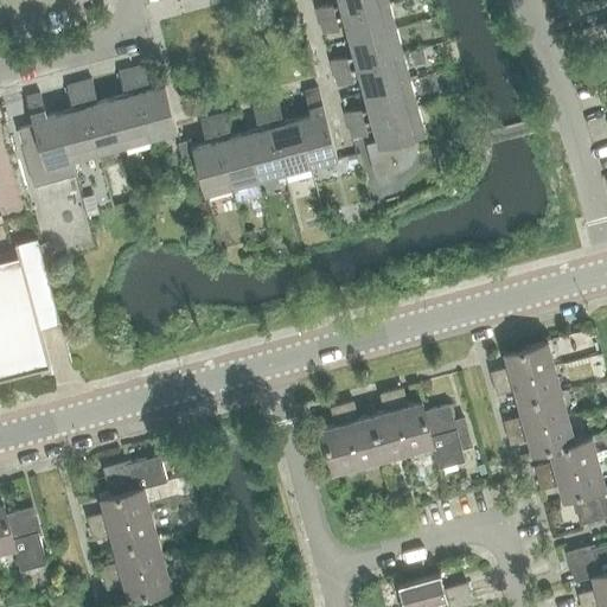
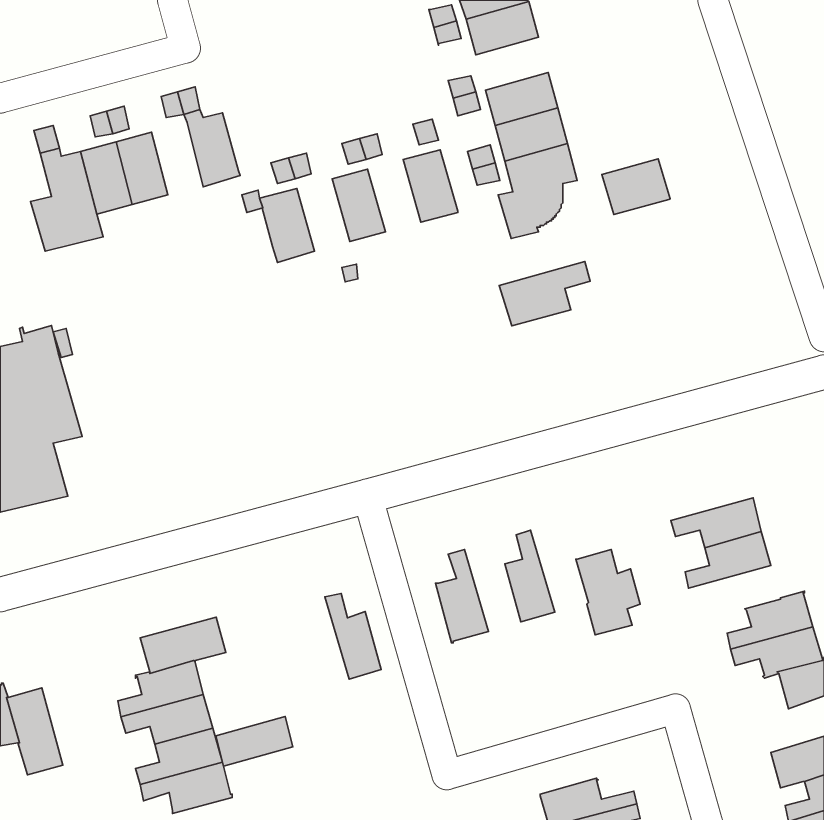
building: [350,30,403,69] -> none
building: [111,92,149,146] -> none
building: none -> [602,159,670,215]
building: [270,120,309,173] -> none
building: [218,134,257,187] -> none
building: none -> [499,261,590,326]
building: [490,343,554,385] -> none
building: [390,390,433,453] -> none
building: [341,404,383,467] -> [325,594,381,679]
building: [506,418,574,456] -> none
building: none -> [216,716,293,766]

